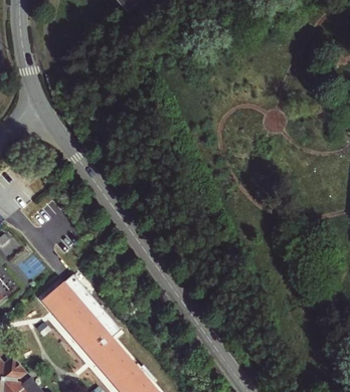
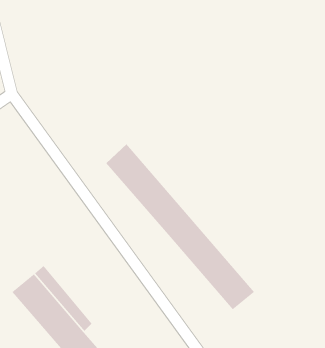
building: none -> [105,144,255,310]

